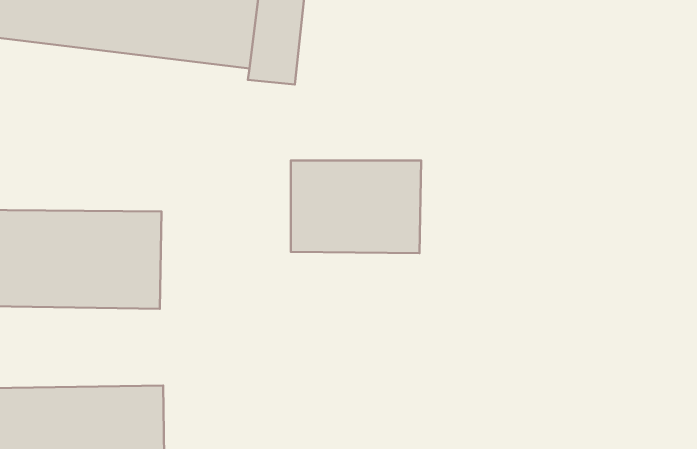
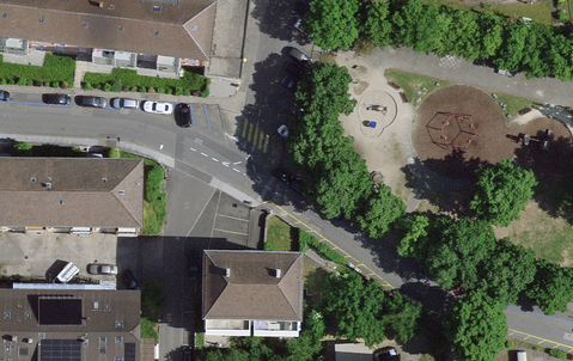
building: [291,161,421,253] -> [199,252,294,320]

